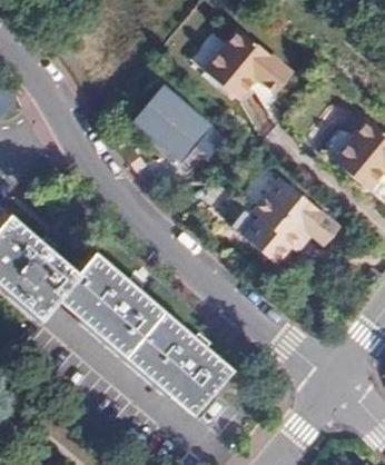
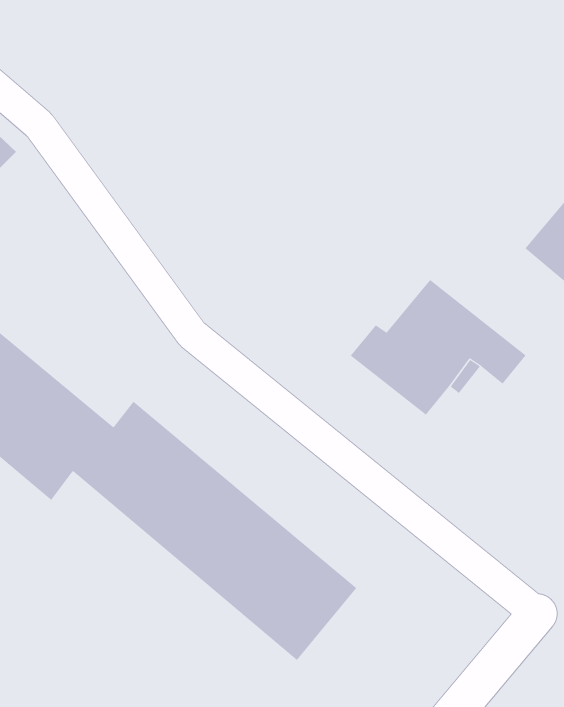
building: [207,29,295,102] -> none
building: [131,85,215,166] -> none

